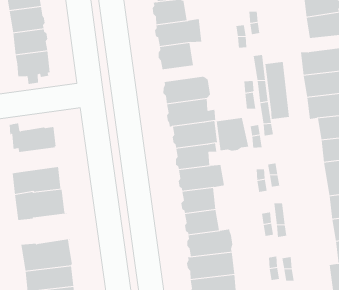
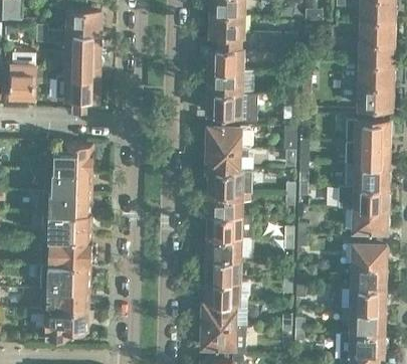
building: [265,61,290,120] -> none
building: [216,117,249,151] -> none
building: none -> [39,173,91,193]
building: none -> [57,239,92,265]

